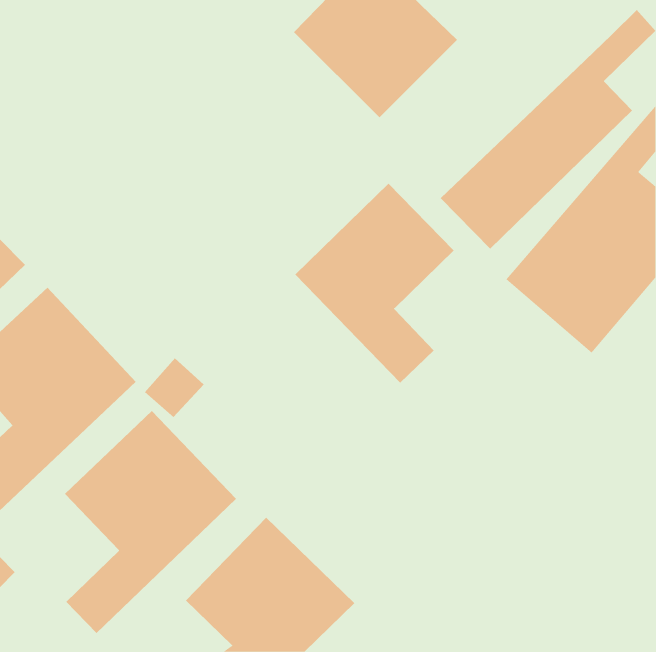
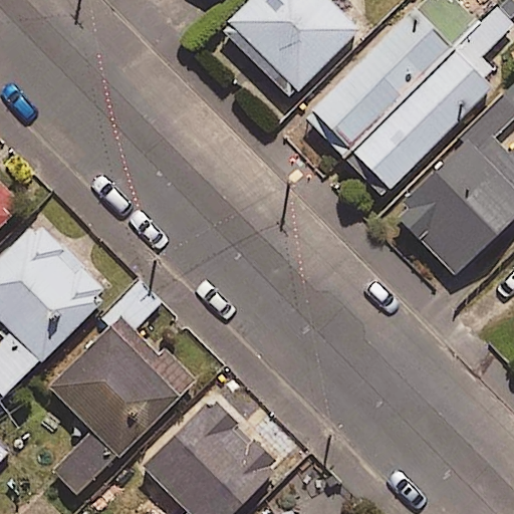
building: none -> [304,12,450,155]
building: [295,183,455,384] -> none

